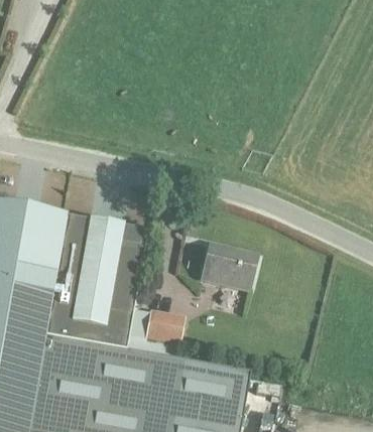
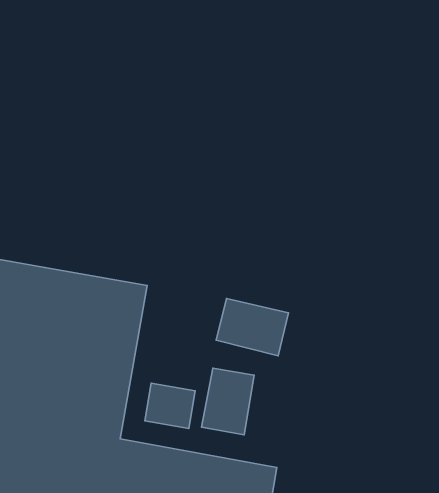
building: none -> [201,368,254,435]

